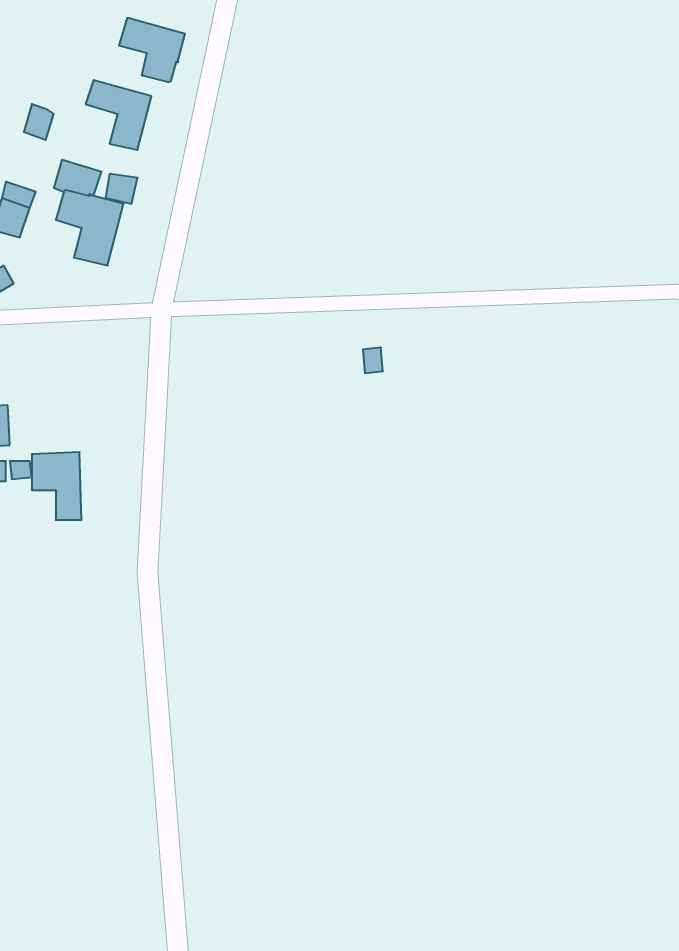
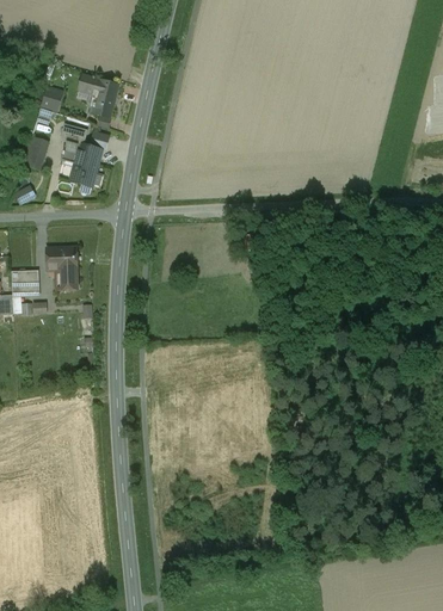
building: [119,18,185,82] -> none
building: [32,452,82,520] -> [48,247,78,288]

